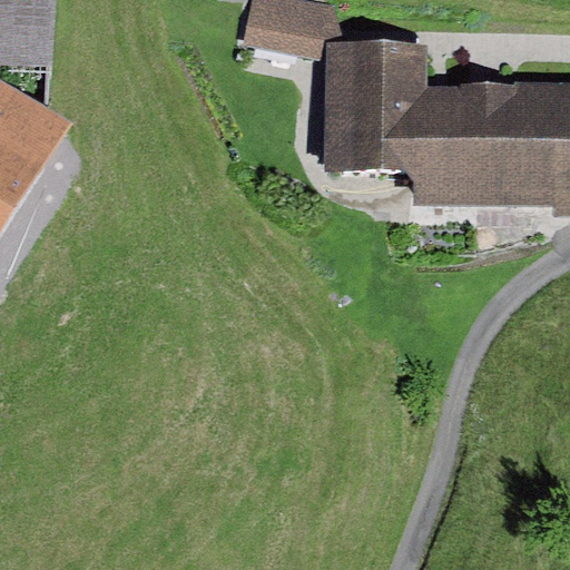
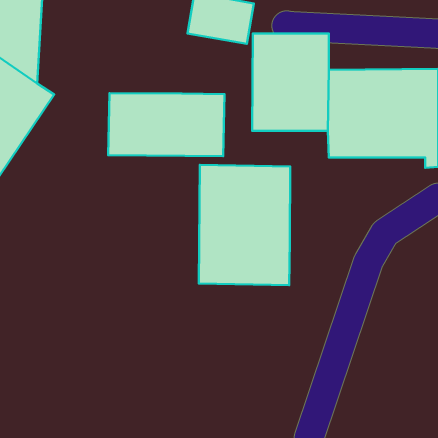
building: none -> [108,93,225,156]
building: none -> [199,165,290,285]

